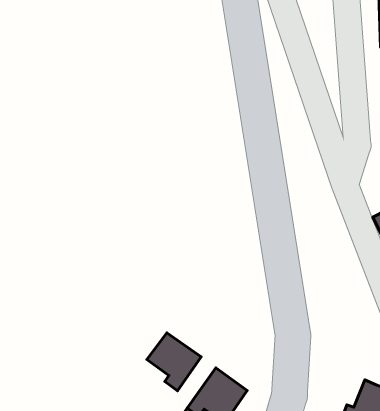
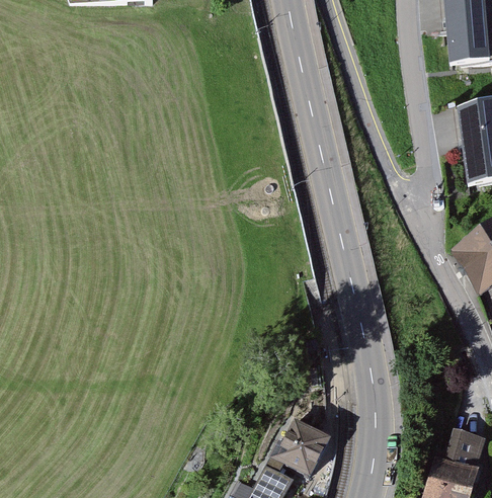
building: [147,333,201,391] -> none

